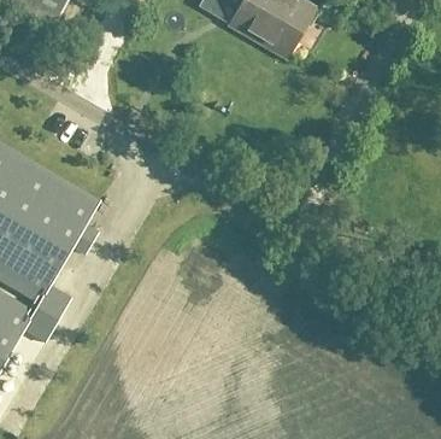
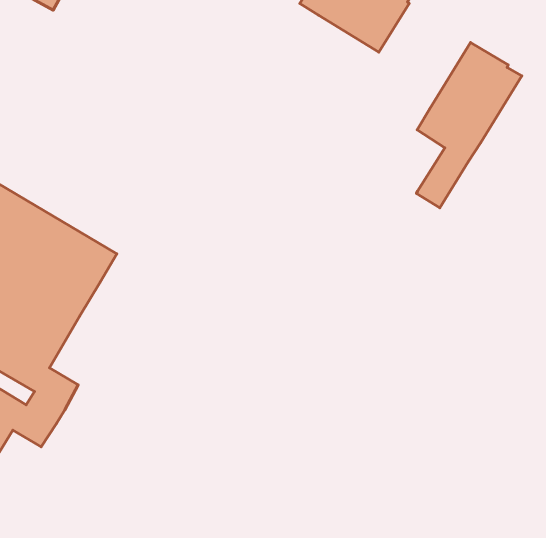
building: none -> [417,42,522,208]

